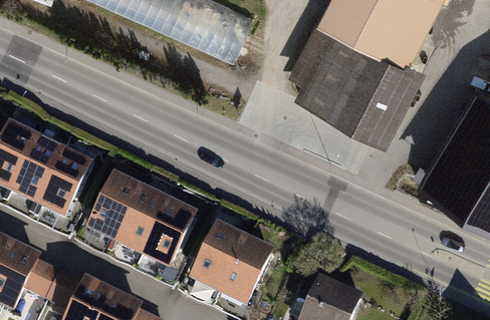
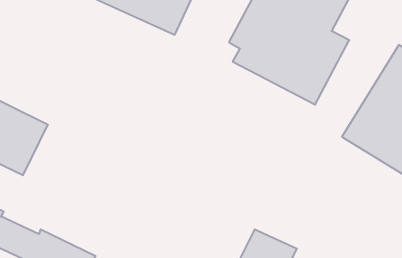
building: [88,173,200,269] -> none
building: [191,222,274,304] -> none

